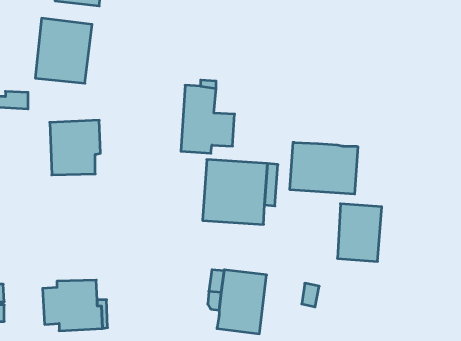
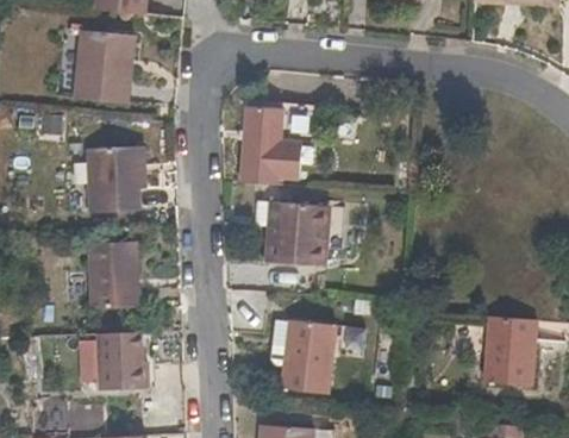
building: [290,142,358,194] -> none
building: none -> [87,242,140,309]
building: [337,204,382,261] -> [483,318,534,384]

